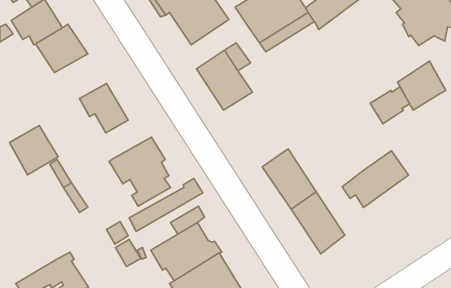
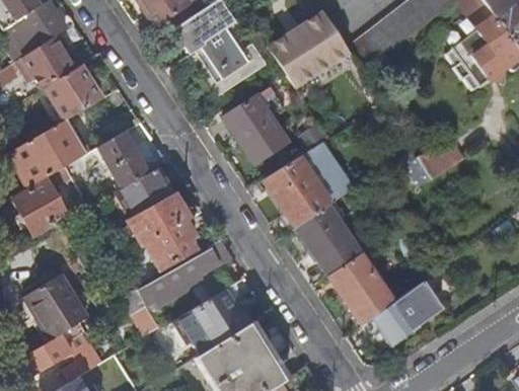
building: [397,61,446,110] -> none
building: none -> [7,119,84,185]
building: none -> [267,139,352,225]
building: none -> [117,165,173,216]
building: [342,151,409,208] -> [368,280,443,343]
building: none -> [25,272,88,338]

